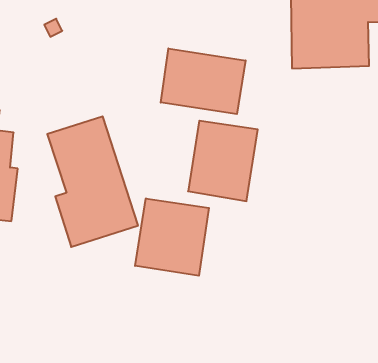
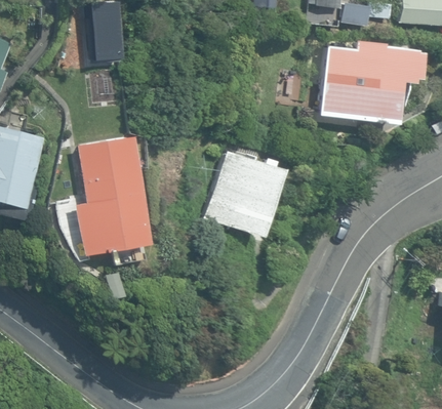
building: [161,48,246,114] -> none
building: [135,198,209,276] -> none

